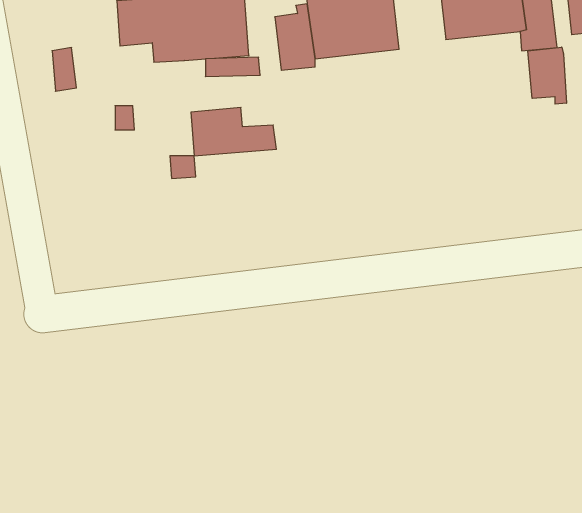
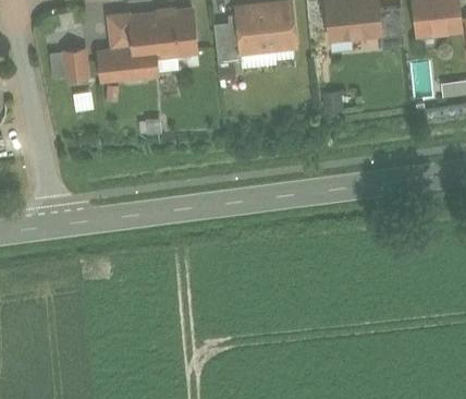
building: [528,47,566,104] -> none
building: [191,107,276,156] -> [97,44,155,76]

